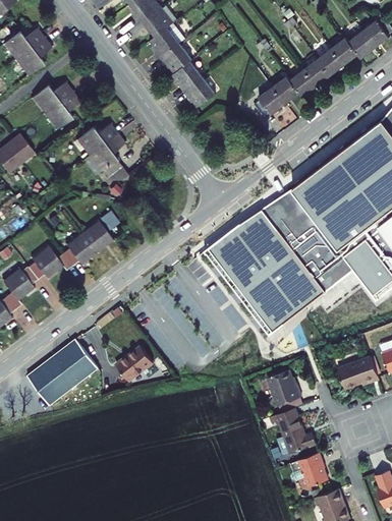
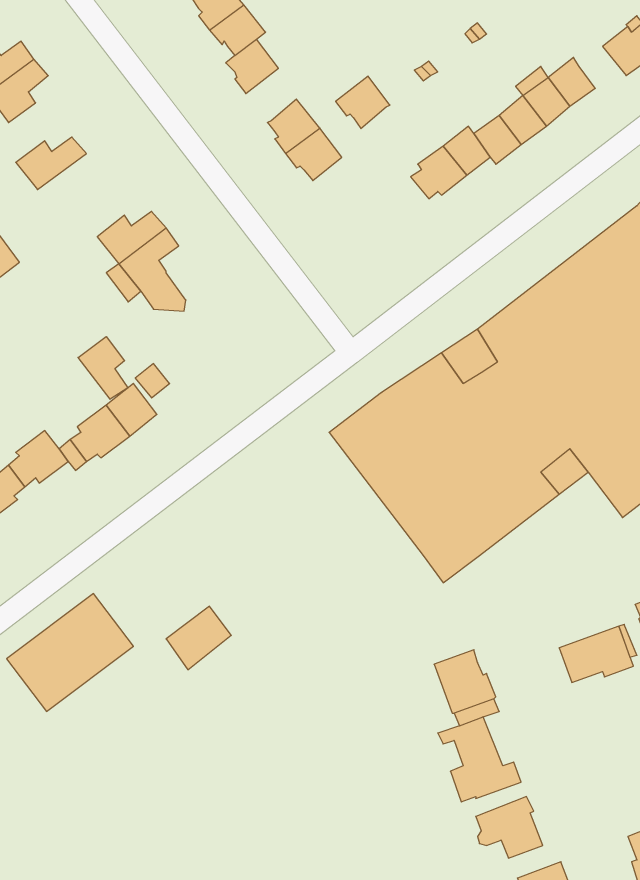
building: [348,32,375,59] -> none
building: [161,44,191,73] -> [336,76,390,129]
building: [44,92,78,128] -> none
building: none -> [78,337,128,399]

